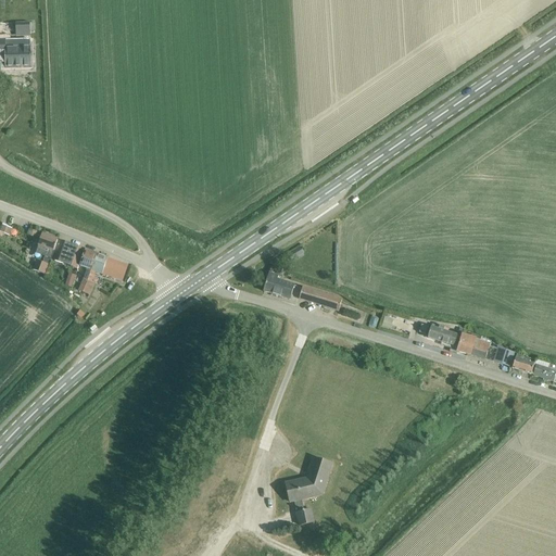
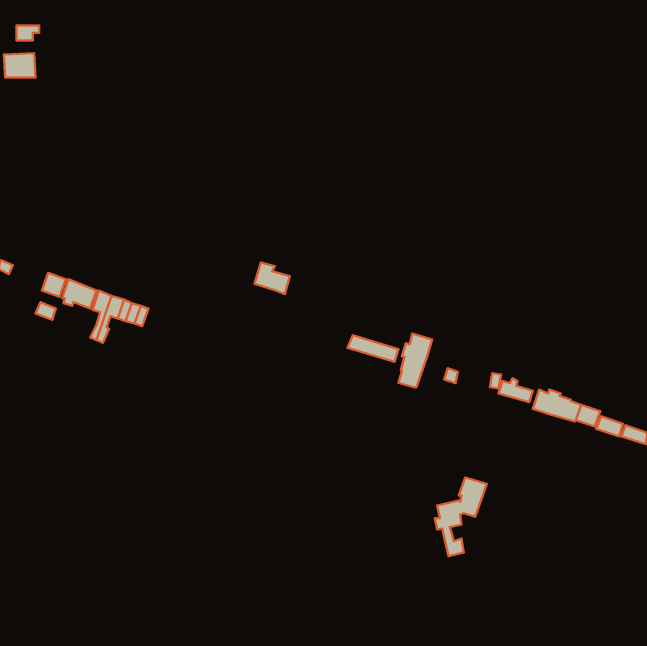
building: [263,271,293,299] -> [254,262,290,294]
building: none -> [399,334,432,388]
building: [287,456,331,523] -> [435,478,487,556]

